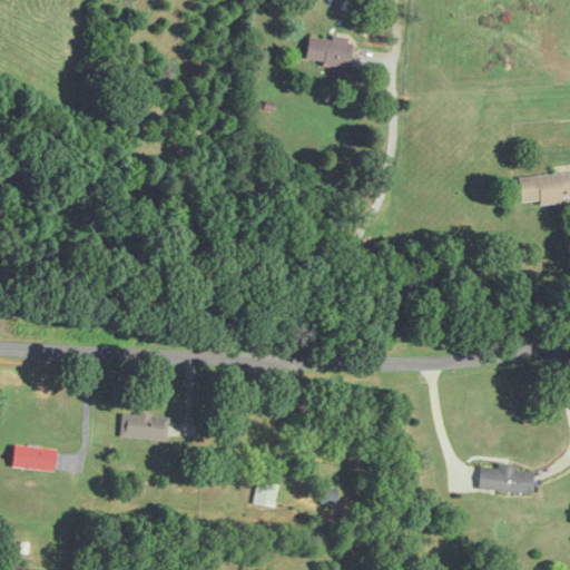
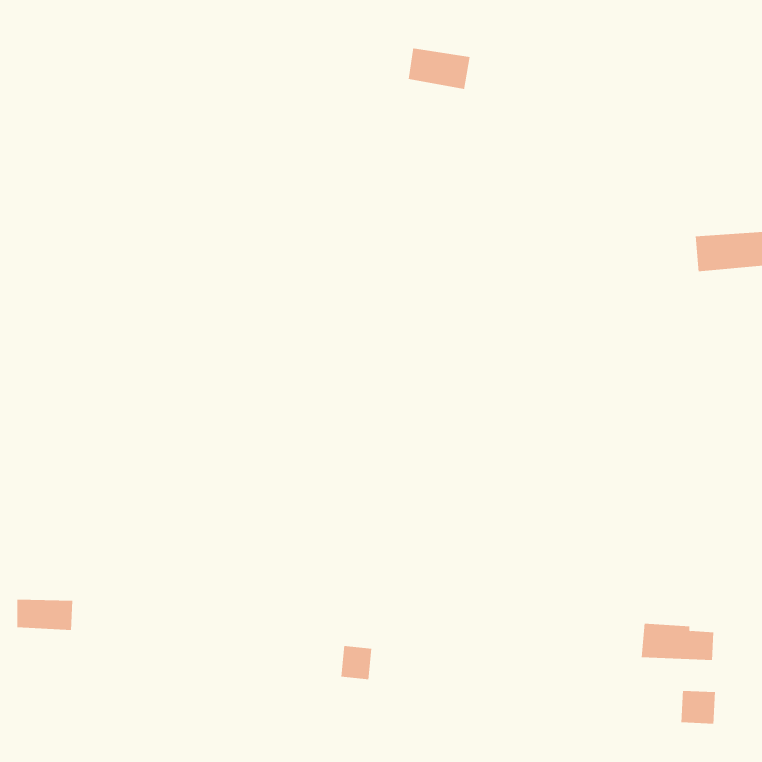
building: [120,413,169,440] -> none
building: none -> [681,690,716,724]

